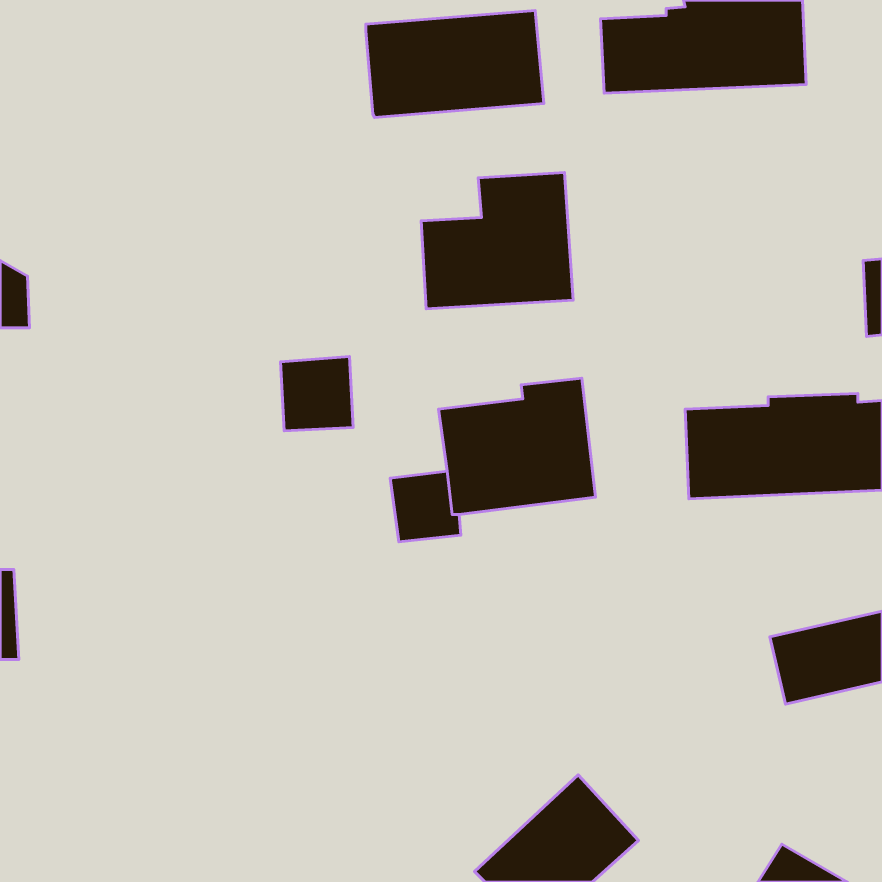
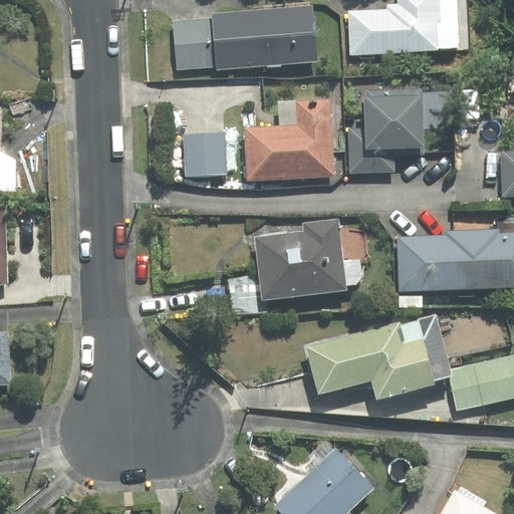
building: none -> [173,18,217,69]
building: none -> [349,88,424,173]
building: [281,357,353,431] -> [184,133,226,176]
building: none -> [306,316,447,399]

